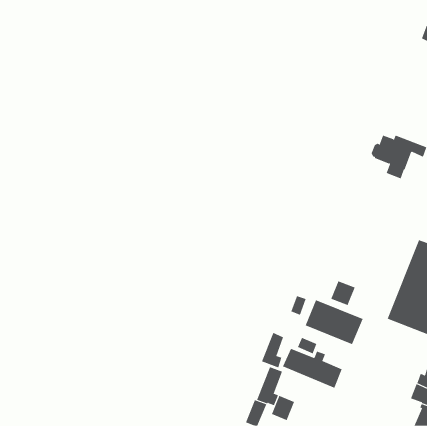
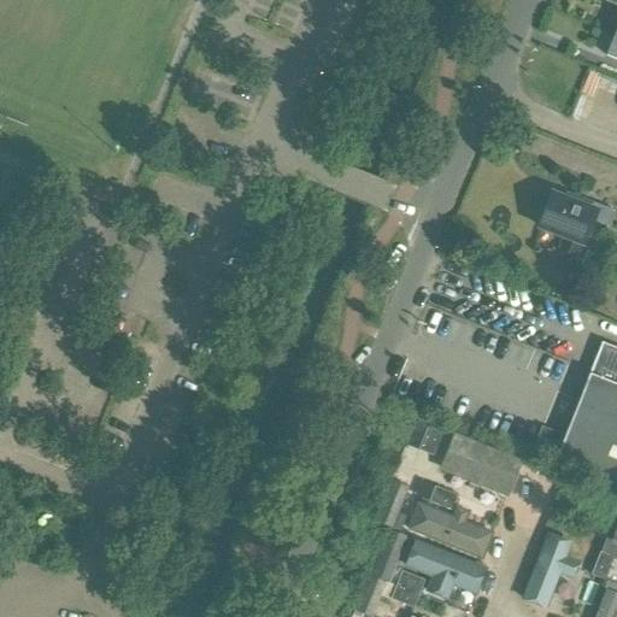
building: [331,280,356,306] -> none
building: none -> [522,530,581,607]
building: none -> [405,539,489,599]

